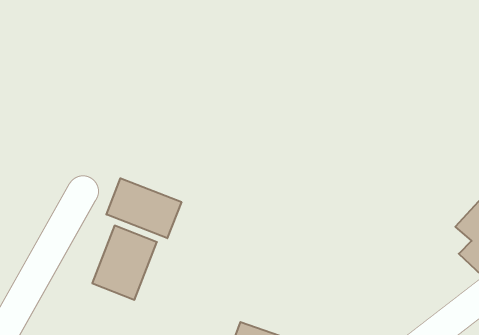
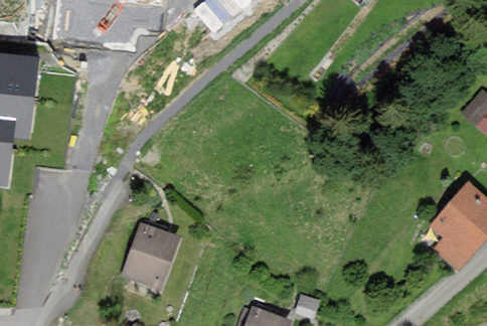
building: [106,178,181,238] -> none

